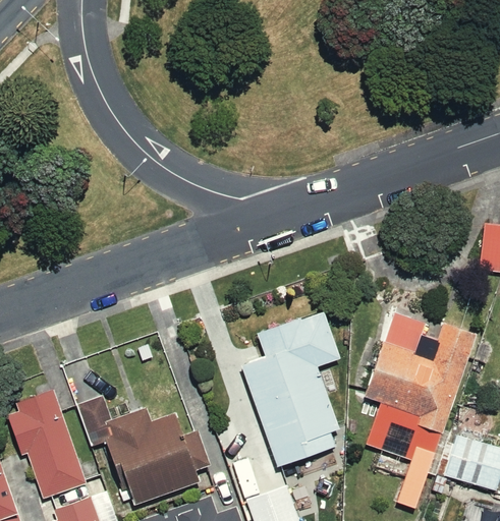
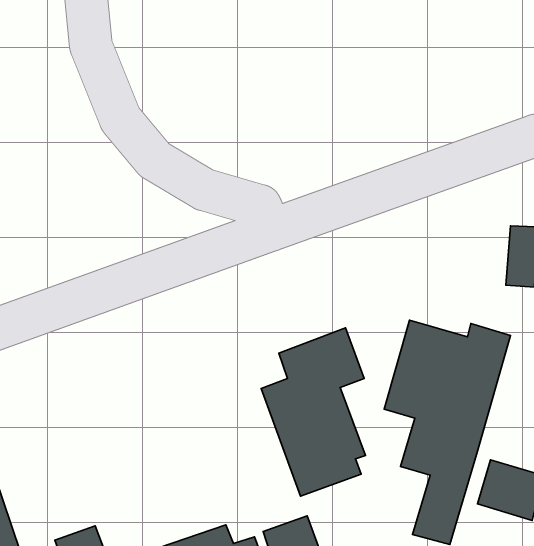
building: [7,391,86,499] -> none
building: [74,396,211,506] -> none

